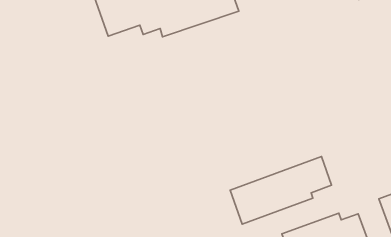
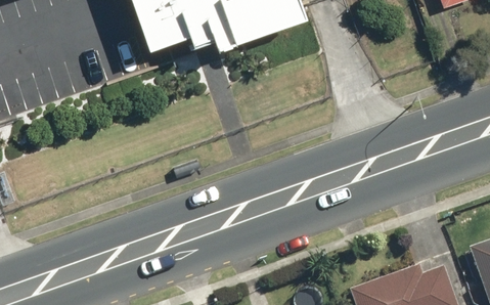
building: [230,157,332,224] -> none

